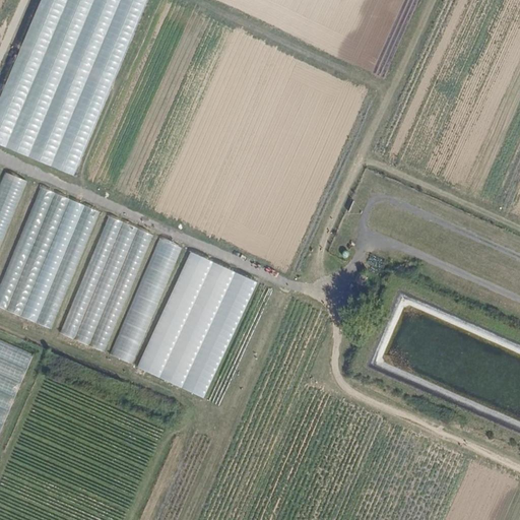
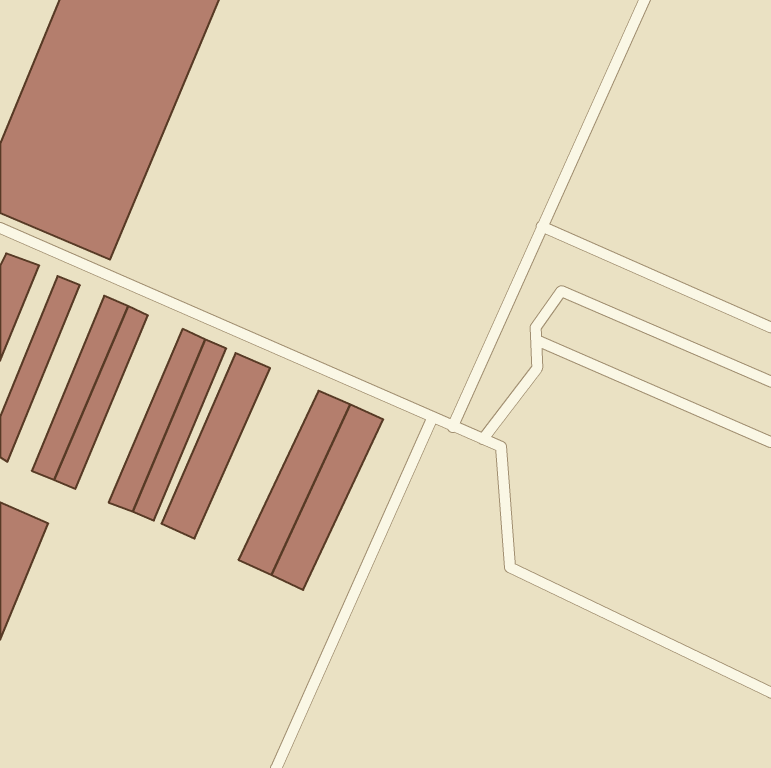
building: [5,192,70,317] -> none
building: [60,215,123,338] -> none
building: [136,251,214,377] -> none

